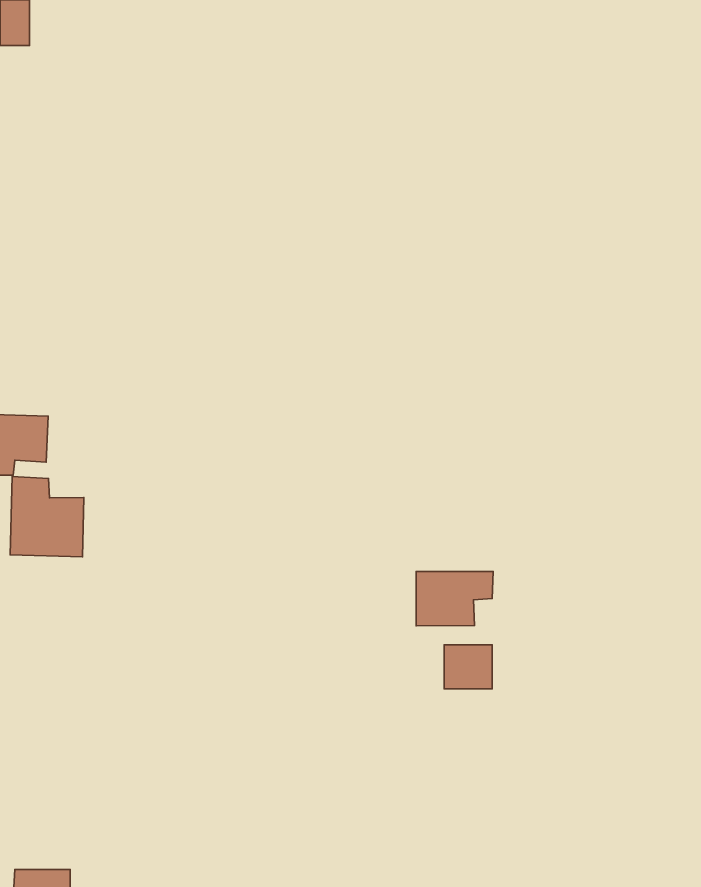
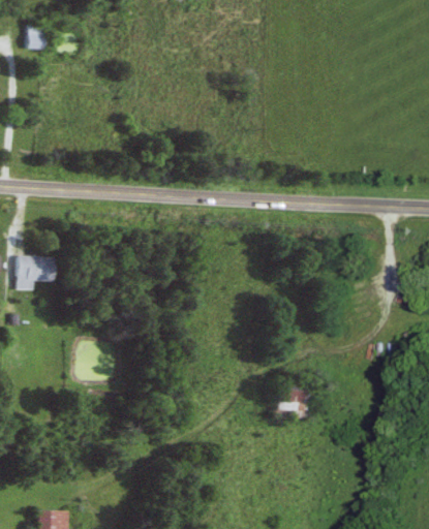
building: [10,476,84,557] -> none
building: [416,571,493,626] -> none

